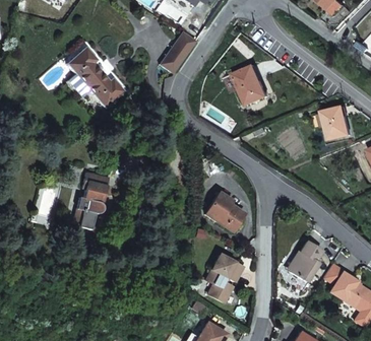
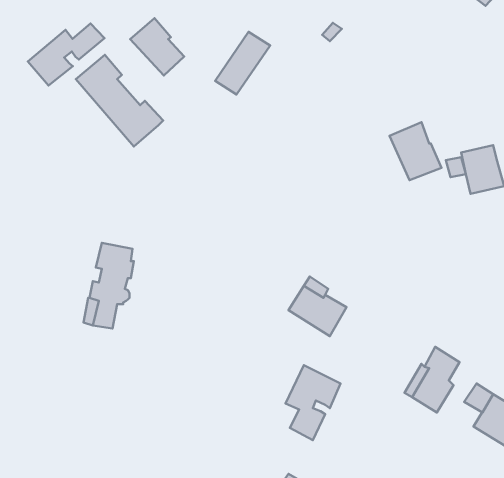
building: none -> [130,18,184,75]
building: none -> [28,23,104,85]
building: [232,67,266,106] -> [389,122,441,180]

